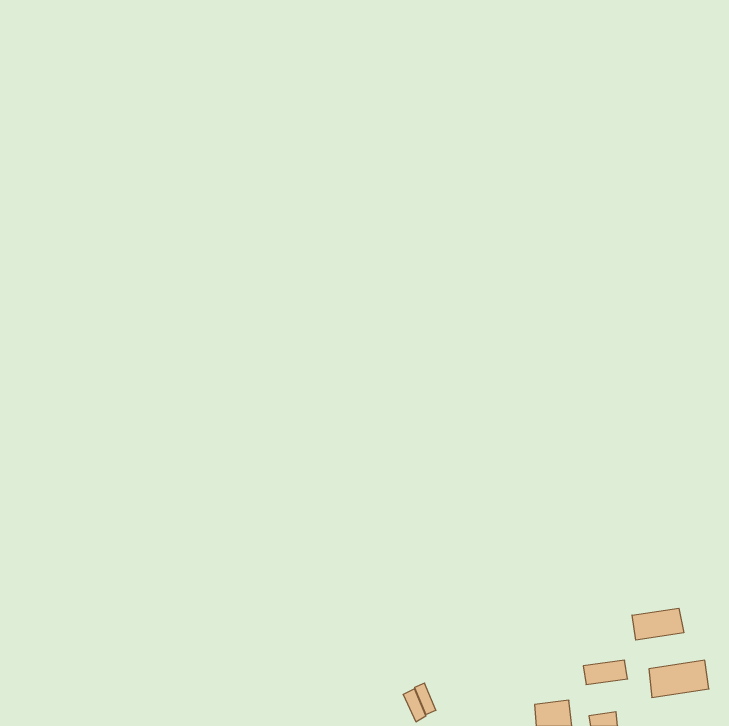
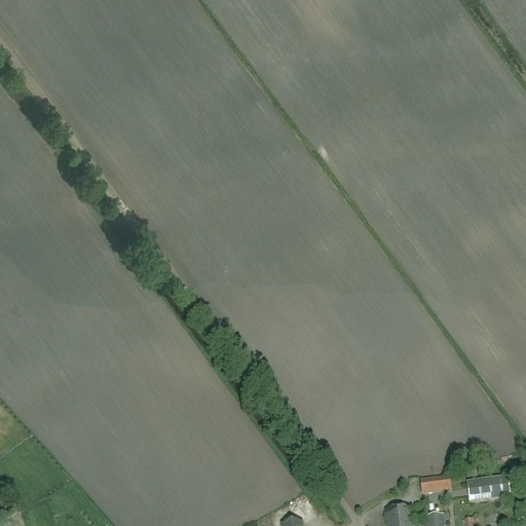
building: [632,608,684,640] -> none

